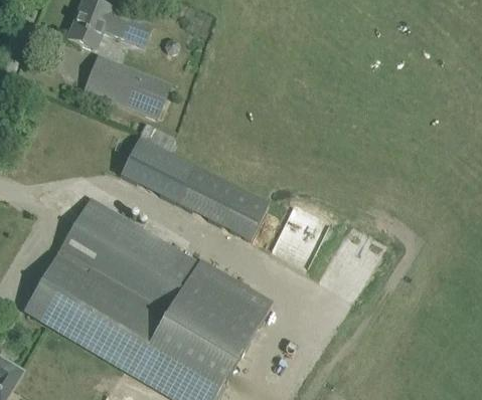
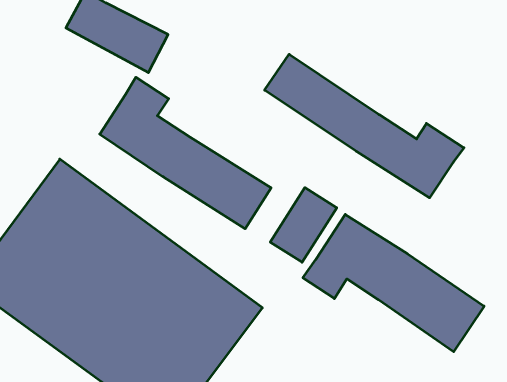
building: none -> [265,54,464,198]
building: none -> [303,214,484,352]

